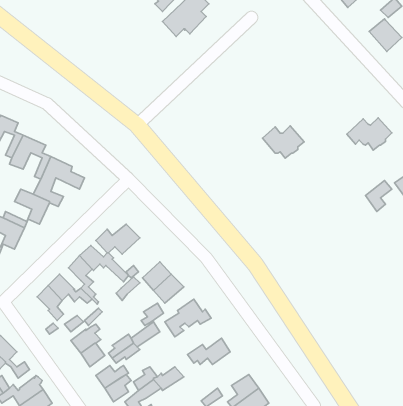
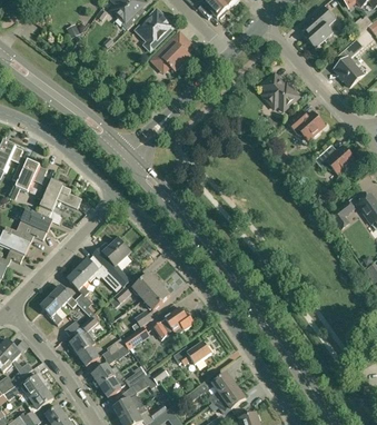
building: none -> [261,72,299,109]
building: [263,126,304,158] -> [288,110,325,139]

